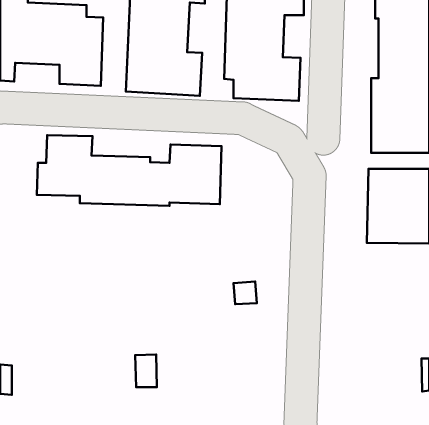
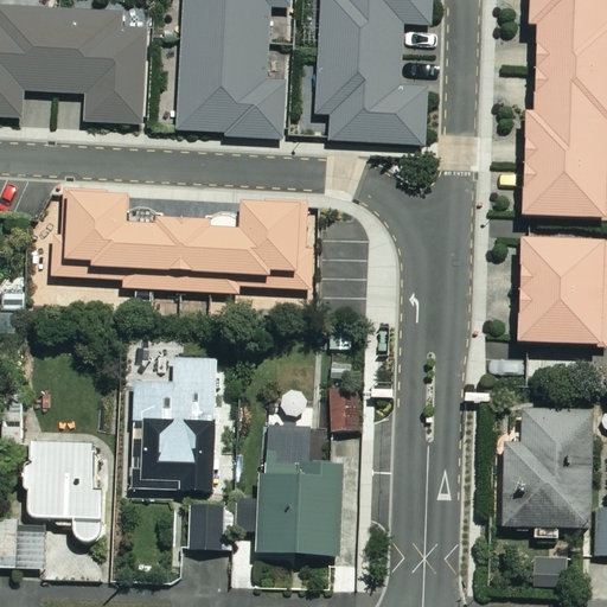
building: none -> [134,357,213,488]
building: none -> [501,409,590,537]
building: none -> [255,424,340,555]
building: none -> [25,441,107,541]

